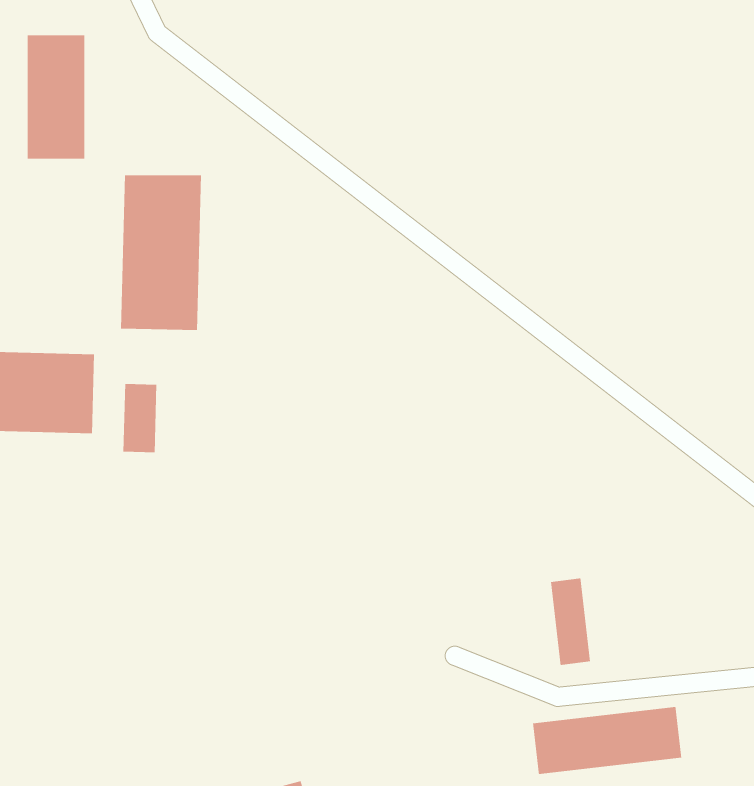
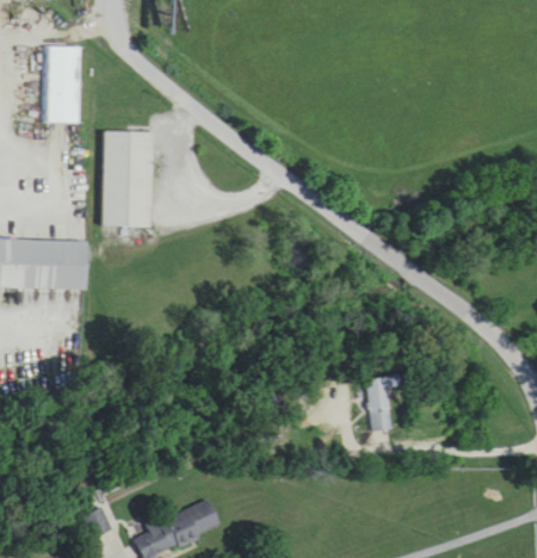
building: [123,383,157,453] -> none
building: [532,706,682,775] -> none

